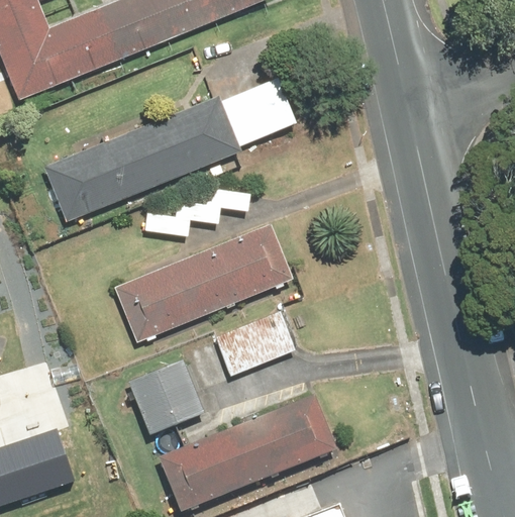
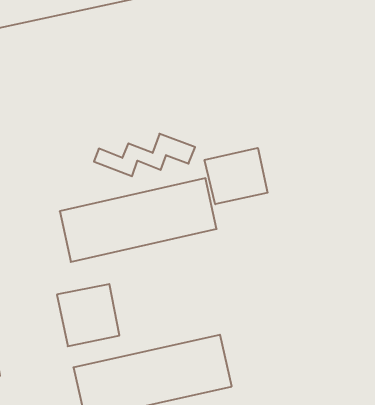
building: [44,88,277,222] -> none
building: none -> [205,148,268,204]
building: [215,311,295,375] -> none

